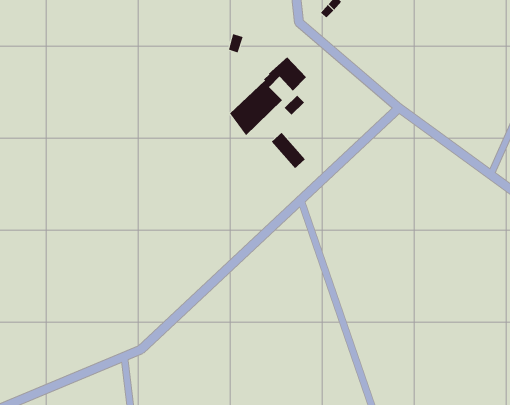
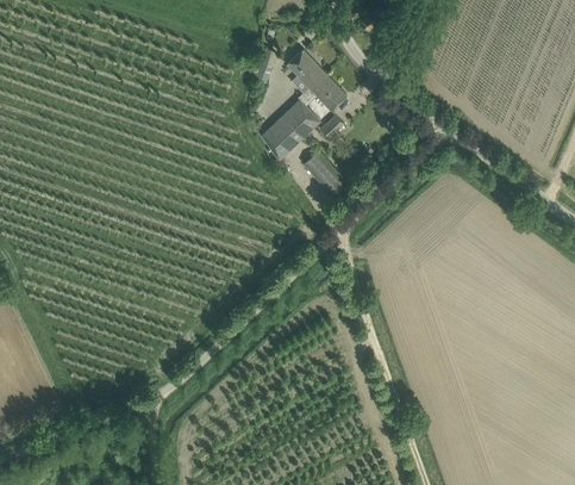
building: none -> [287,49,325,93]

